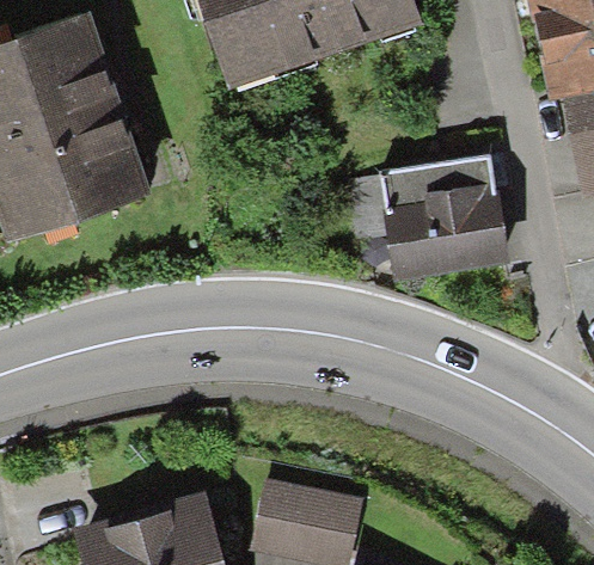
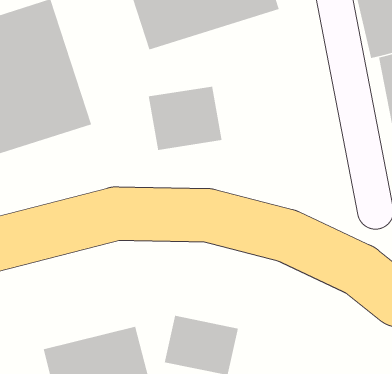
building: none -> [148,86,222,151]
building: [348,156,512,285] -> none

